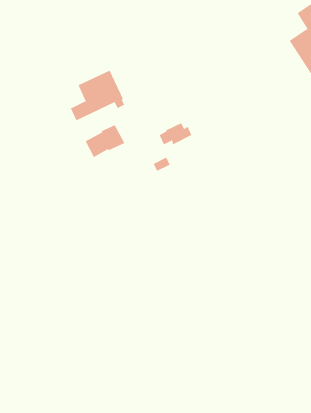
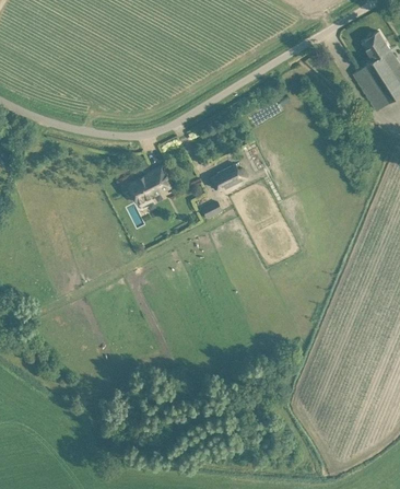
building: [70,70,125,121] -> none

